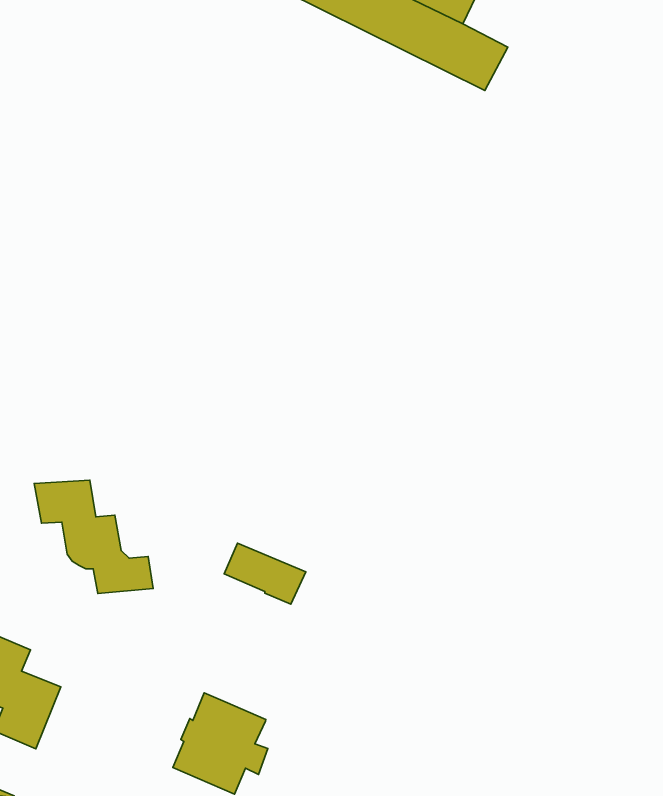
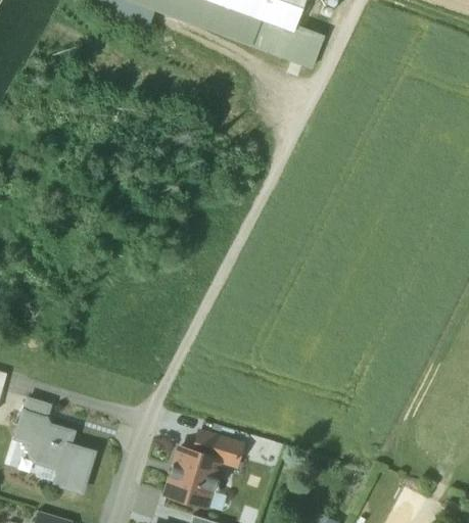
building: [34,480,153,593] -> none
building: [224,543,306,604] -> [193,430,242,464]

